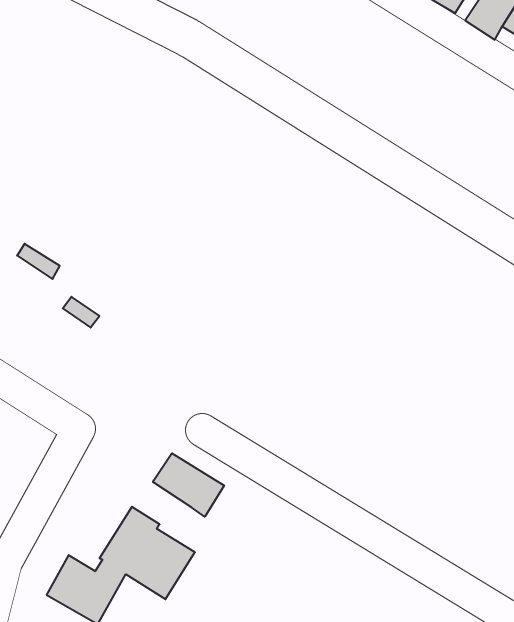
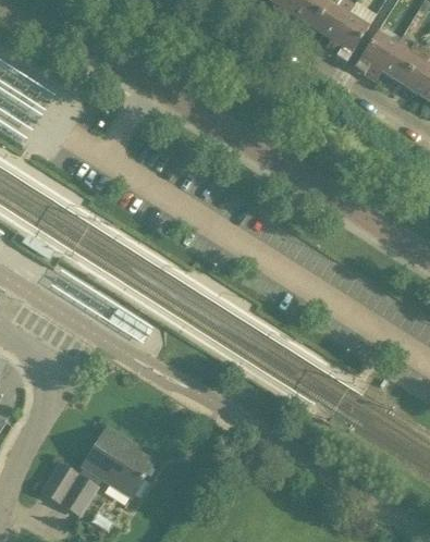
building: [153,453,224,517] -> none

